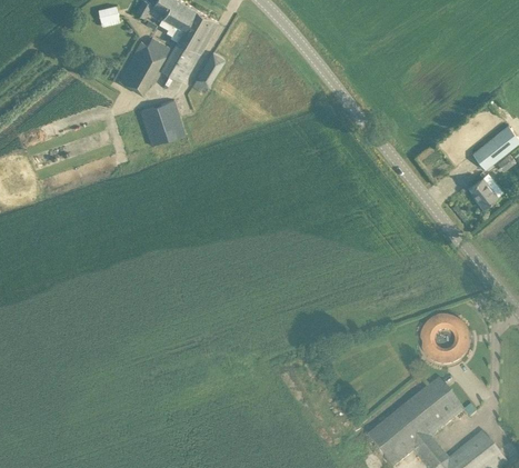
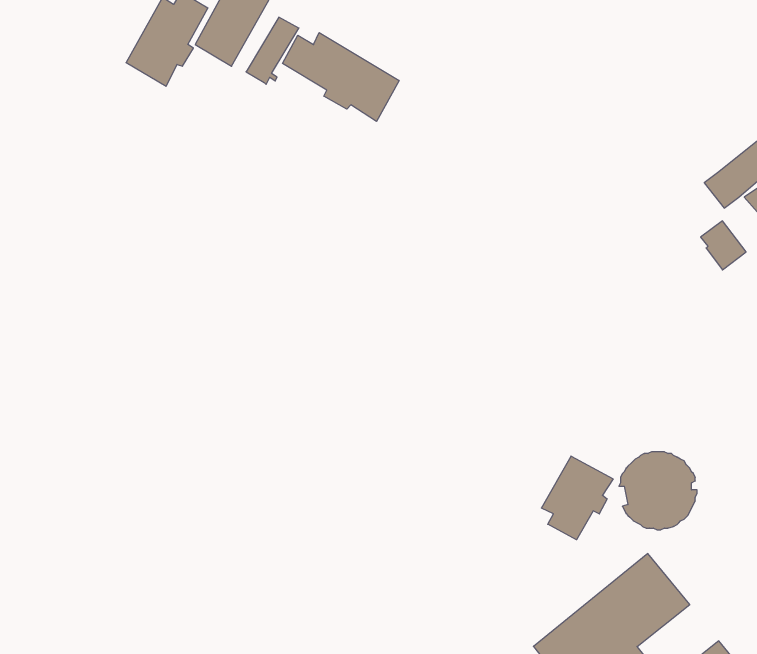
building: none -> [283,33,399,121]
building: [139,97,184,143] -> none
building: none -> [541,456,613,540]

